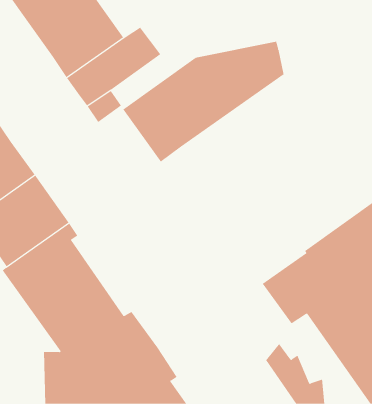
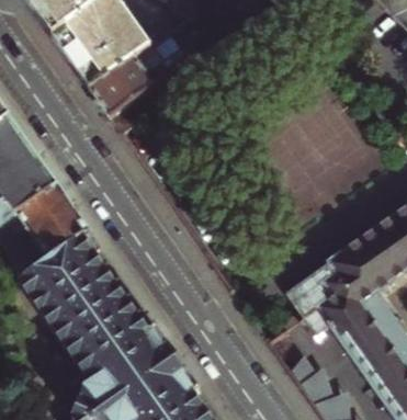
building: [122,41,284,162] -> none

